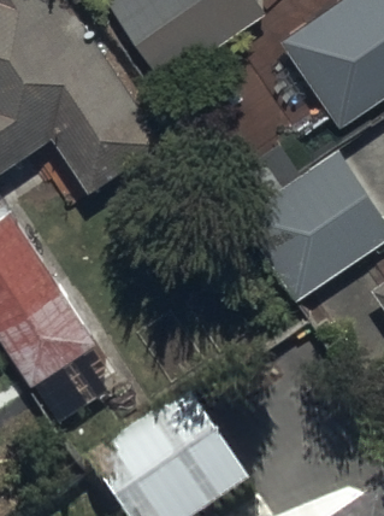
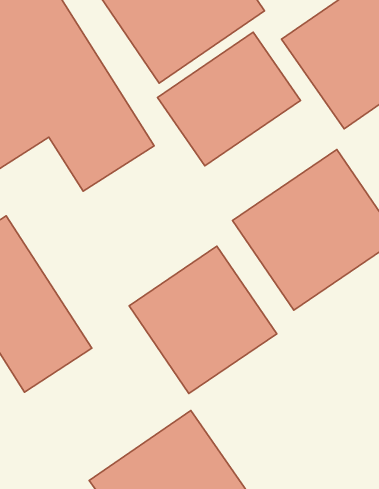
building: none -> [157,32,301,166]
building: none -> [129,246,277,394]

